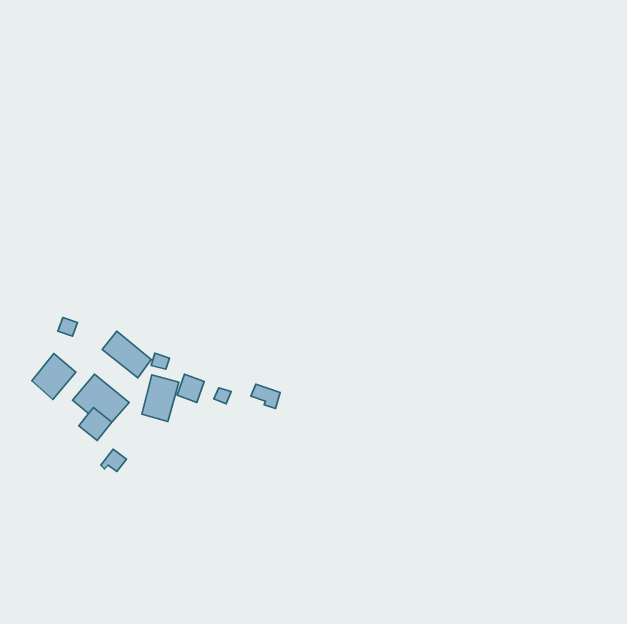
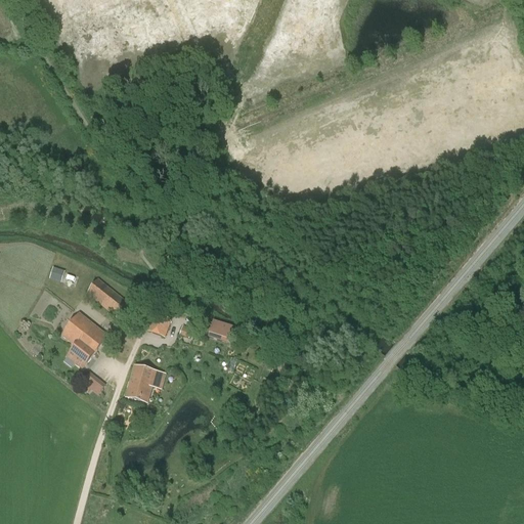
building: [32,354,76,400] -> none
building: [142,375,179,422] -> [125,362,156,401]

